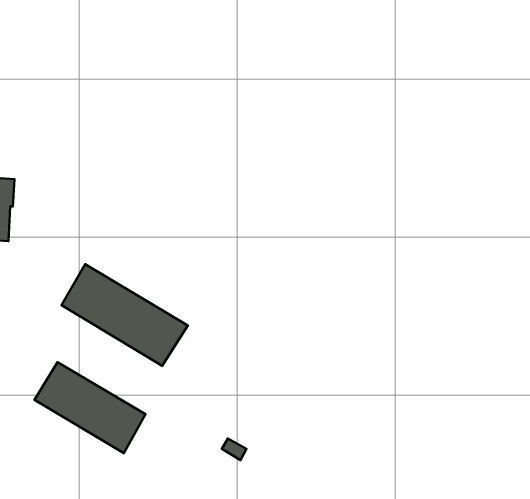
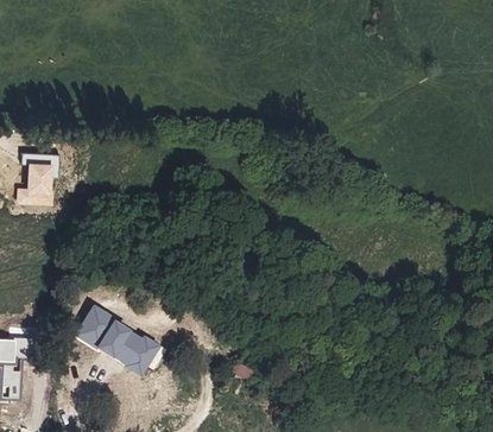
building: [62,264,188,366] -> none

